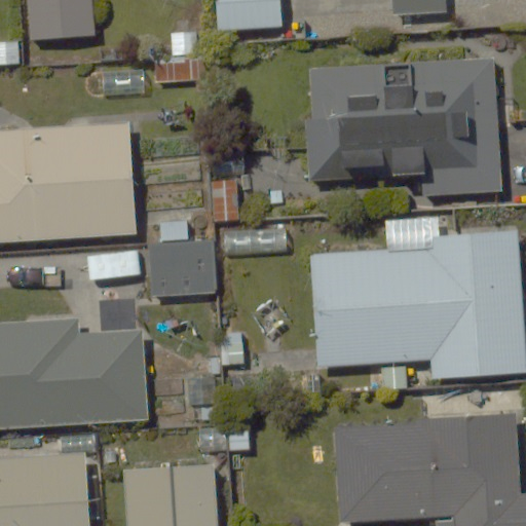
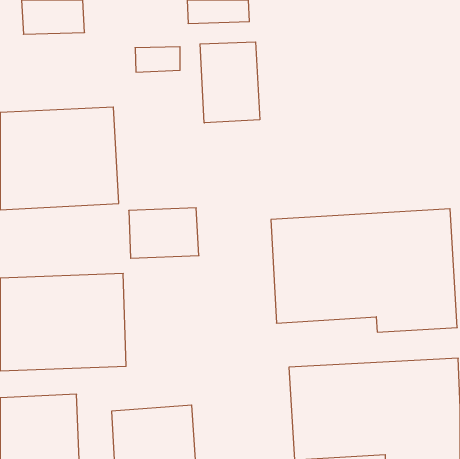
building: none -> [200,42,260,123]
building: [307,59,497,182] -> none

